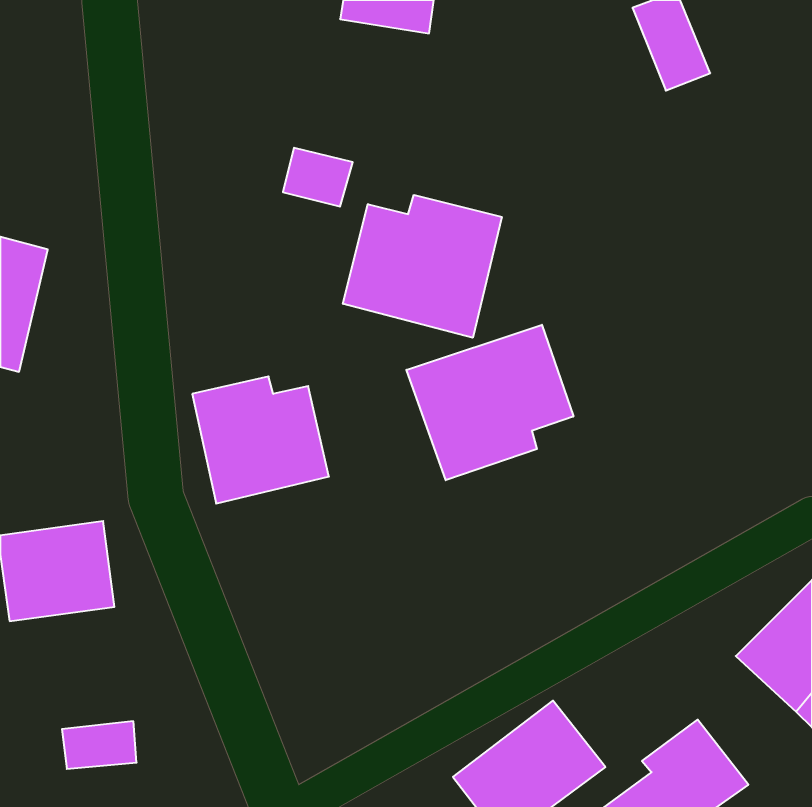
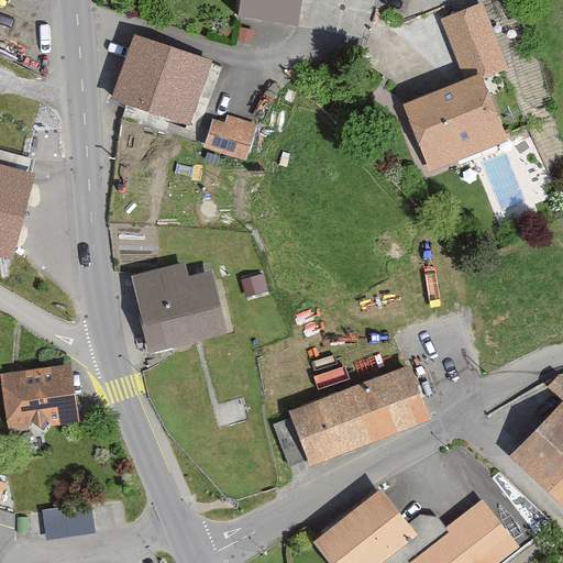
building: none -> [118,40,209,124]
building: none -> [397,71,499,159]
building: [343,195,502,338] -> none
building: [406,325,573,480] -> none
building: none -> [287,368,427,463]

